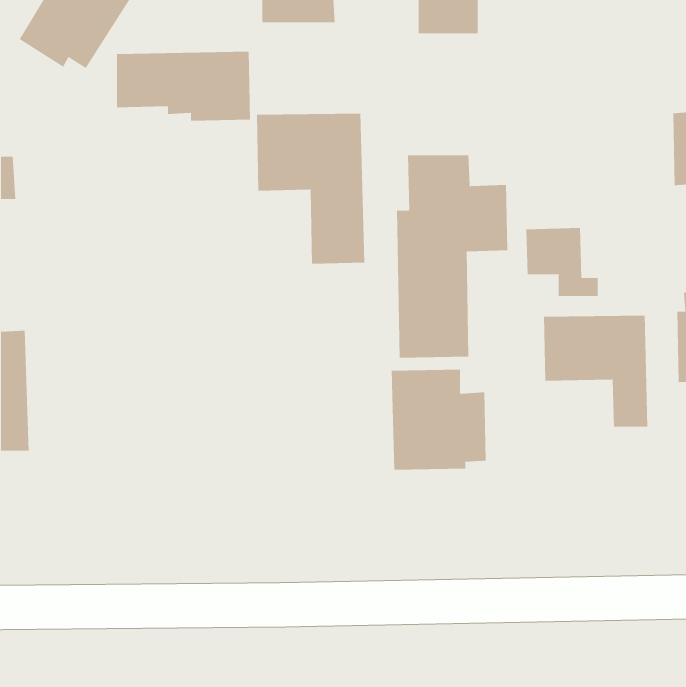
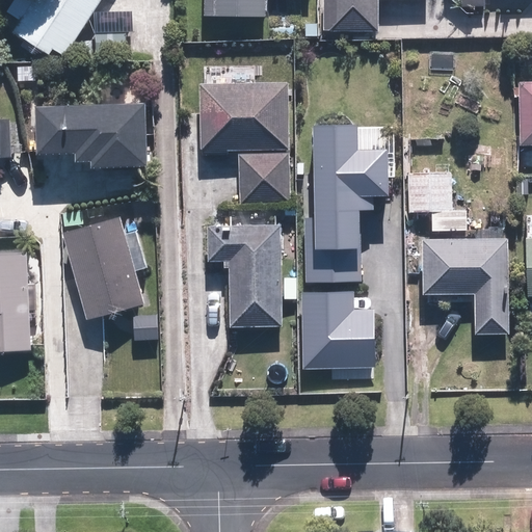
building: [116,51,251,121] -> [41,108,144,162]
building: none -> [62,221,138,316]
building: none -> [210,230,277,326]

